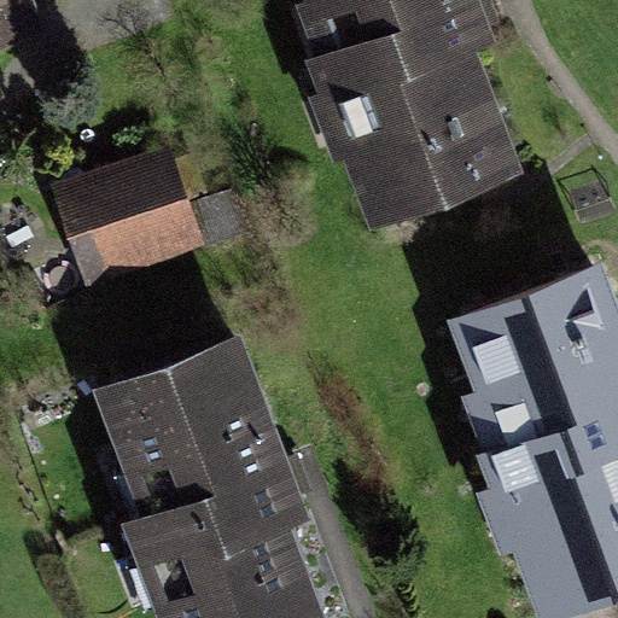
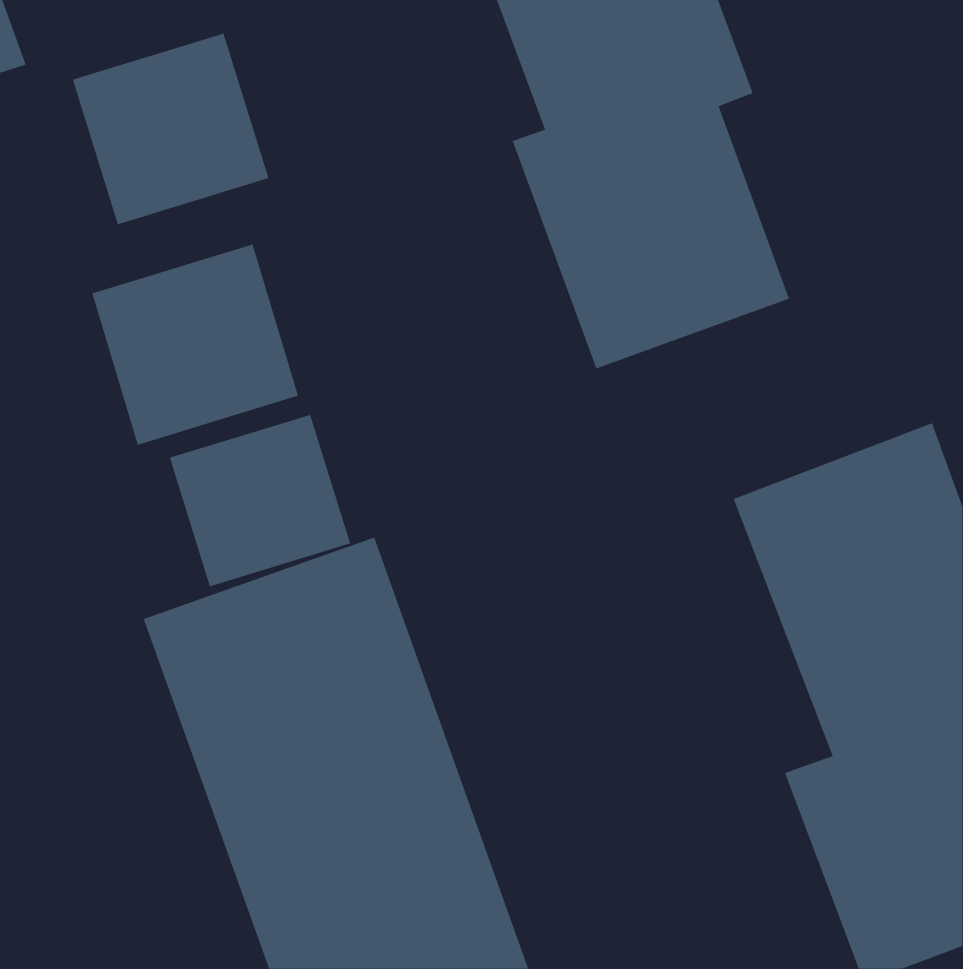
building: none -> [72,33,269,225]
building: none -> [169,414,351,587]

